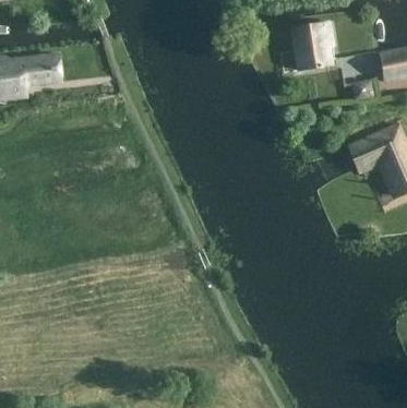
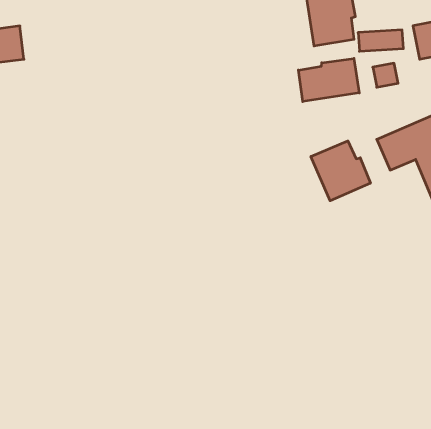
building: none -> [298,58,359,102]
building: none -> [311,141,370,201]

